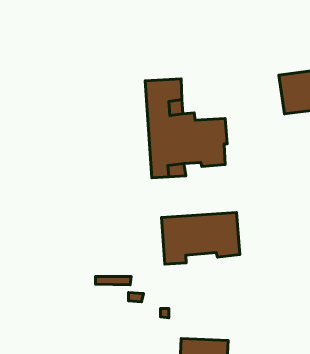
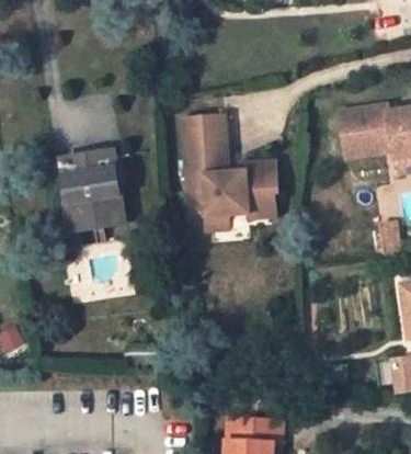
building: none -> [67,156,121,227]
building: [162,212,240,264] -> none

